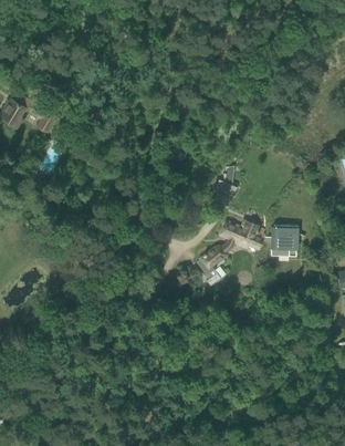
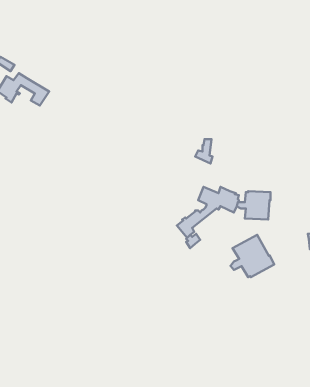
building: none -> [231,235,274,277]

